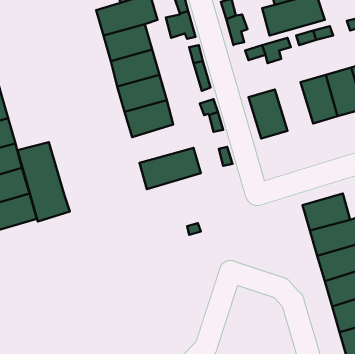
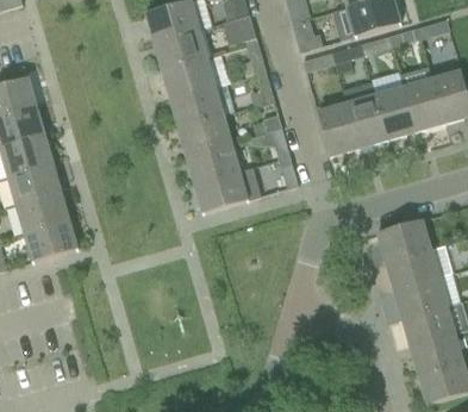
building: none -> [345,94,388,149]
building: none -> [185,142,241,185]
building: [17,142,70,221] -> none

